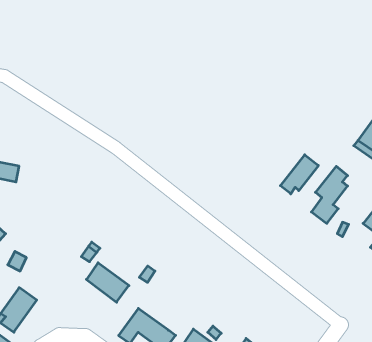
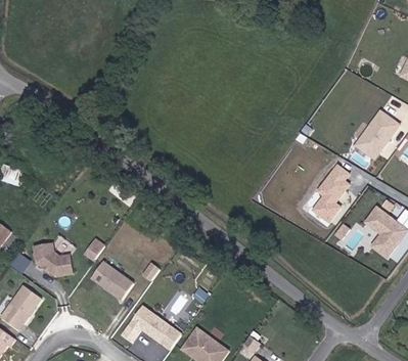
building: [280,155,318,194] -> none
building: none -> [33,243,71,276]

